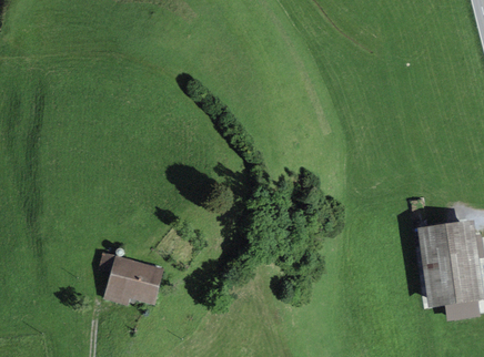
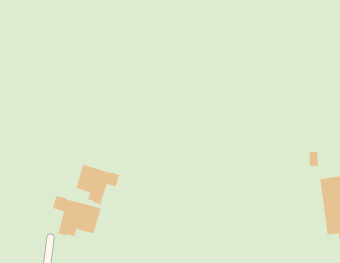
building: none -> [76,164,120,205]

